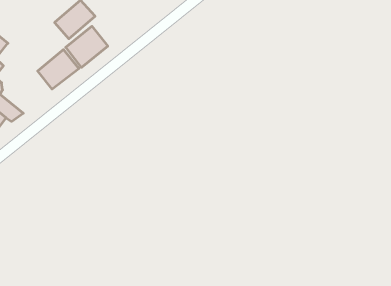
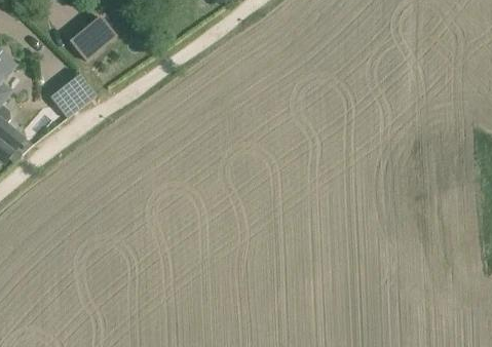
building: [66,26,108,67] -> none

